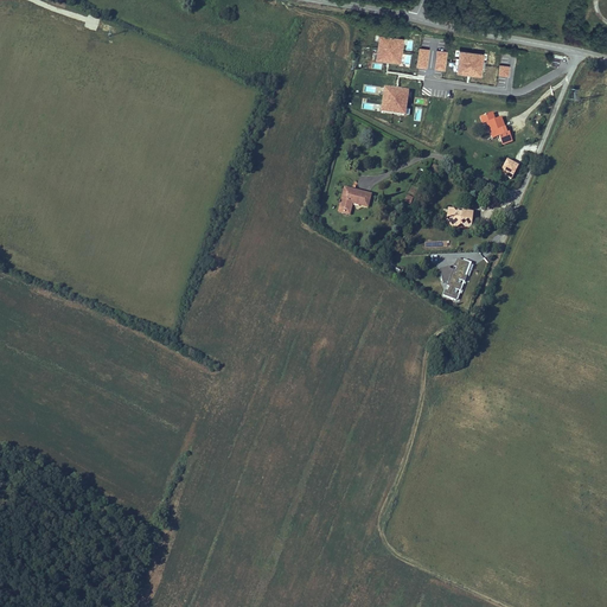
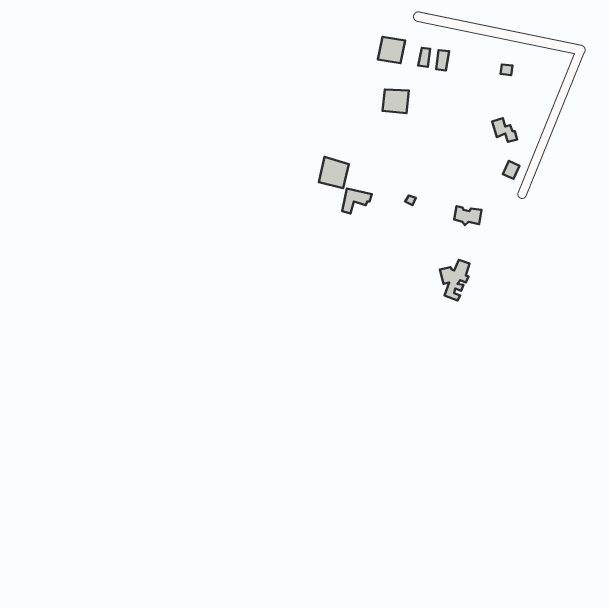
building: [456,51,483,76] -> none
building: none -> [319,157,349,188]

